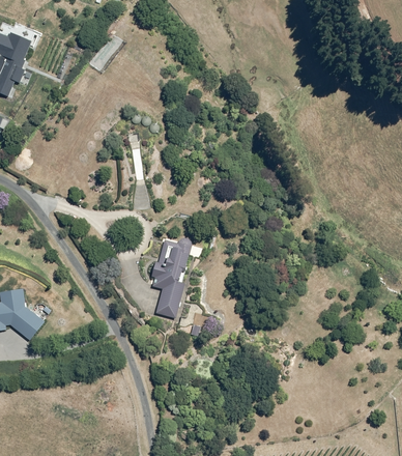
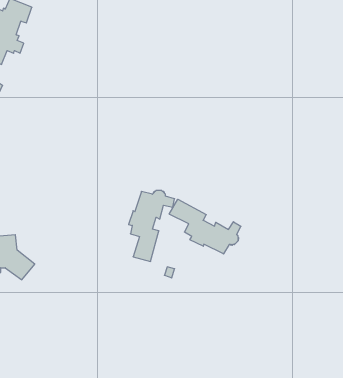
building: none -> [169,199,241,254]

